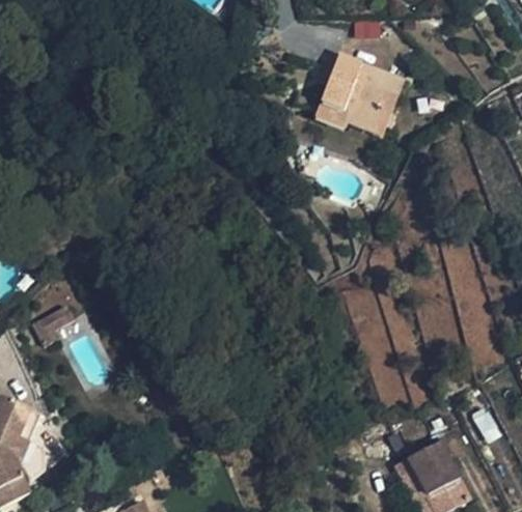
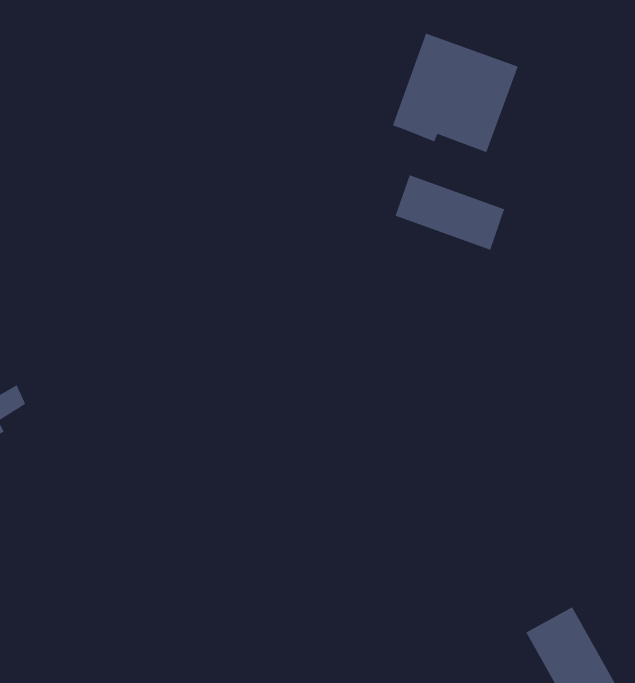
building: none -> [395,174,505,251]

